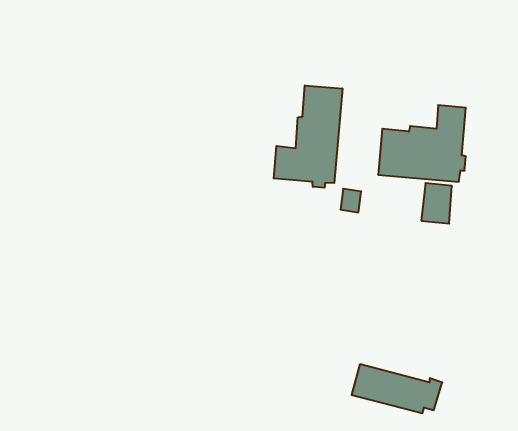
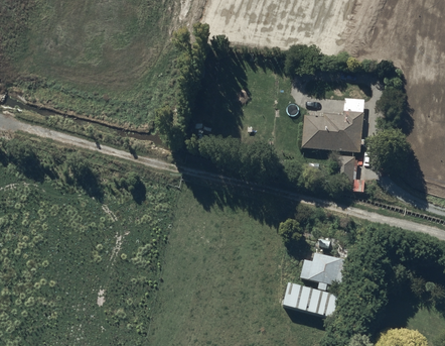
building: [274,85,342,188] -> none
building: none -> [299,251,350,289]

